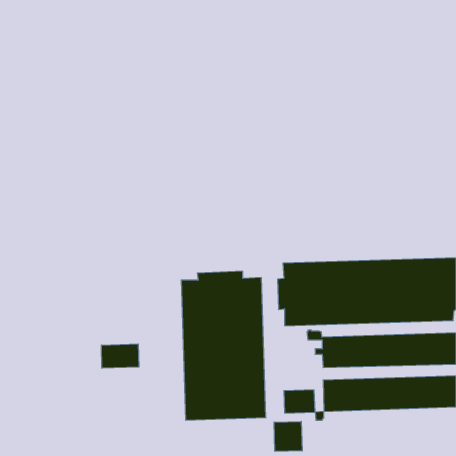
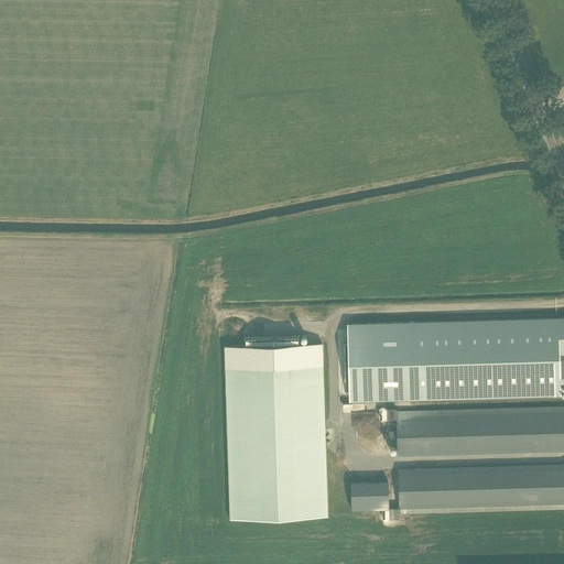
building: [101,344,139,368] -> none
building: [274,421,302,451] -> none

